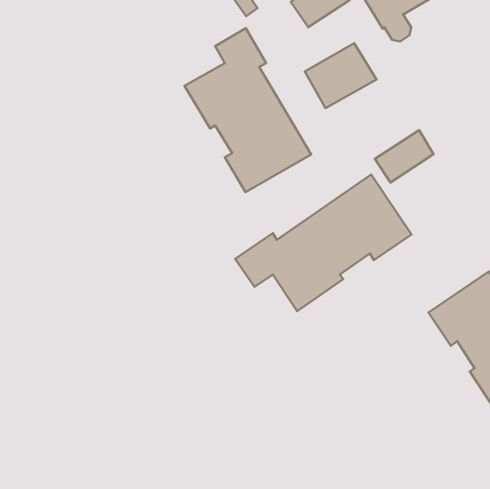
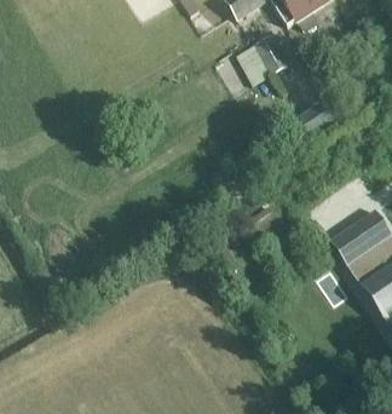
building: [185,28,311,192] -> none
building: [235,174,412,311] -> none

